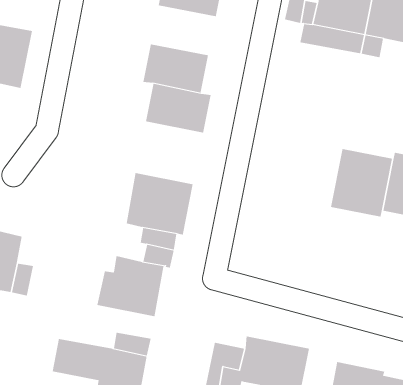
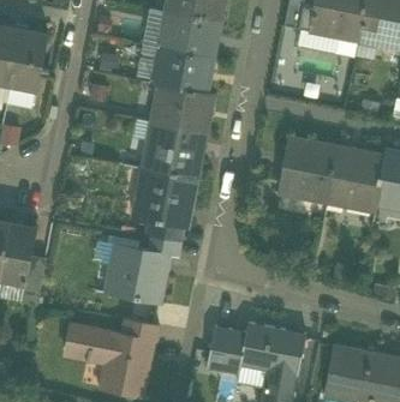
building: none -> [157,11,220,58]
building: none -> [143,120,208,179]
building: none -> [279,136,338,200]

